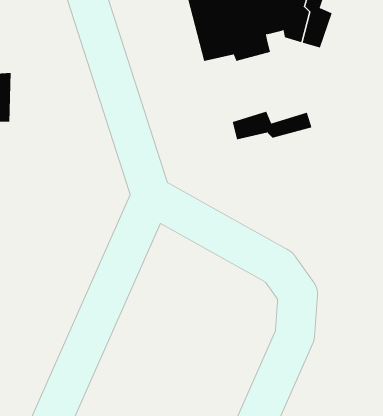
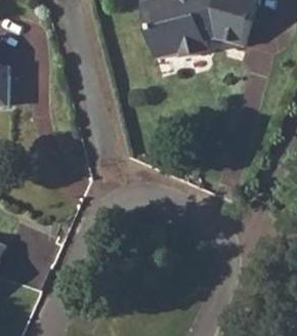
building: [232,111,312,140] -> none

